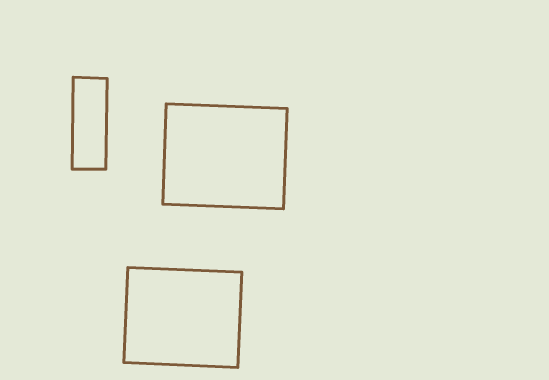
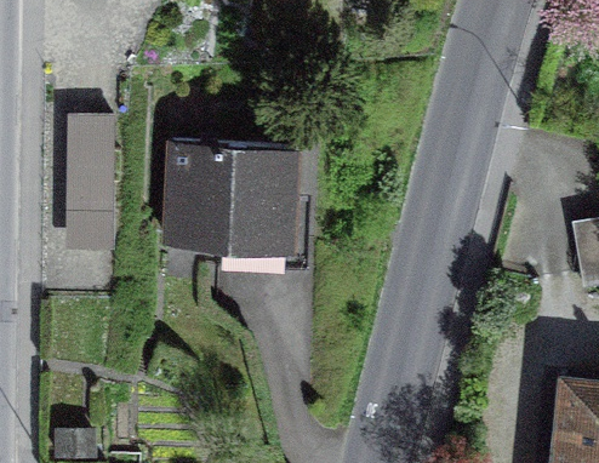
building: [124,267,242,367] -> none

